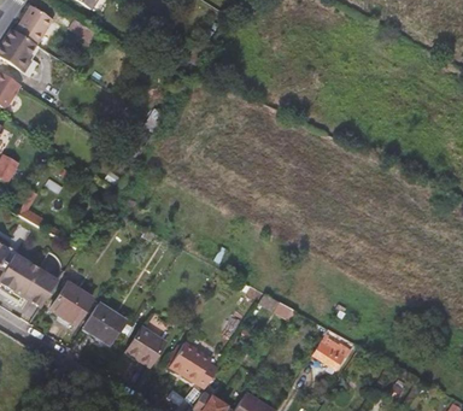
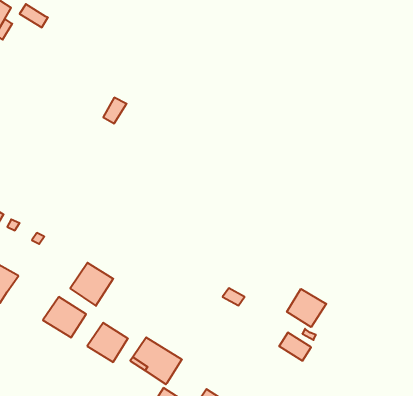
building: [49,283,92,325] -> [70,263,113,306]
building: none -> [287,289,326,327]

